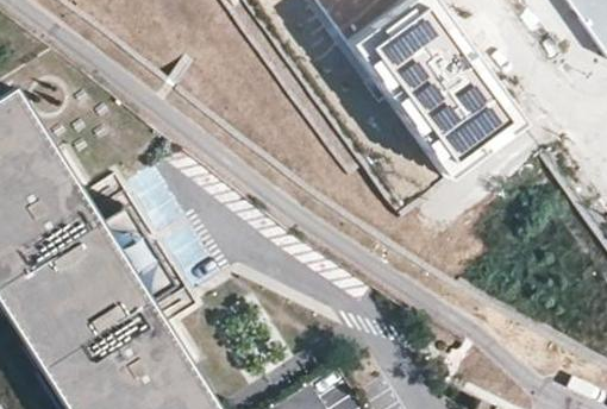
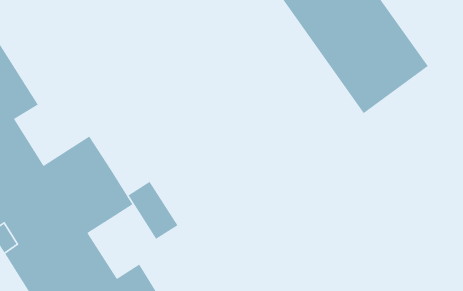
building: [29,152,89,222] -> none
building: [114,285,174,354] -> [127,181,178,240]

